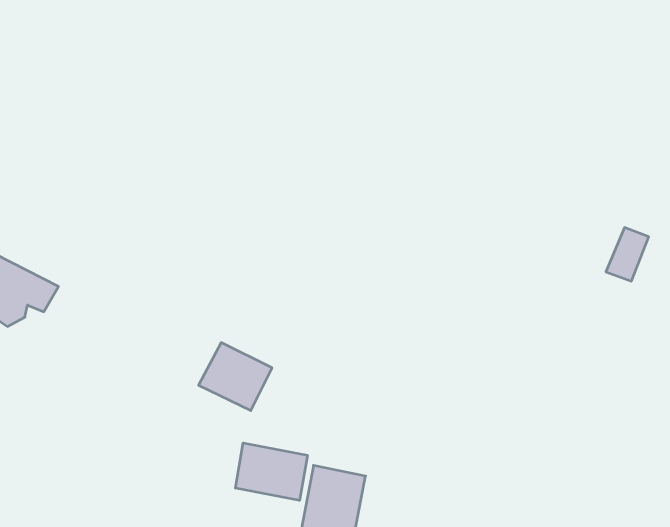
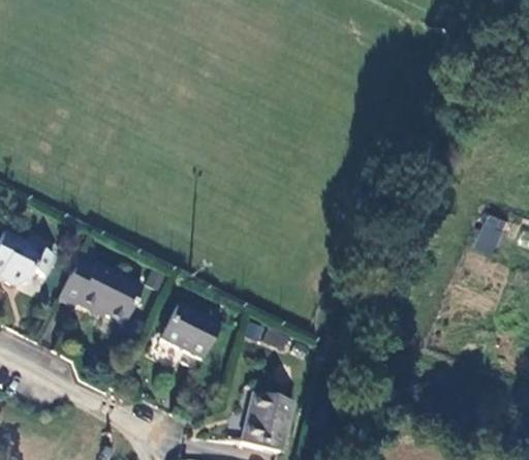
building: none -> [57,257,139,332]
building: [235,443,307,500] -> none

